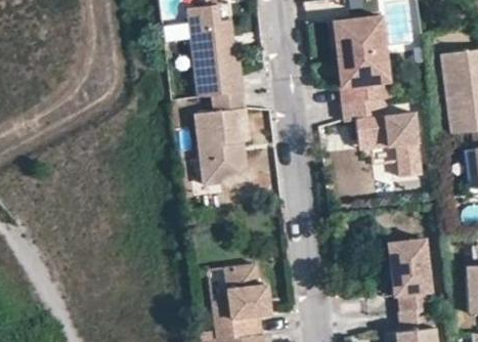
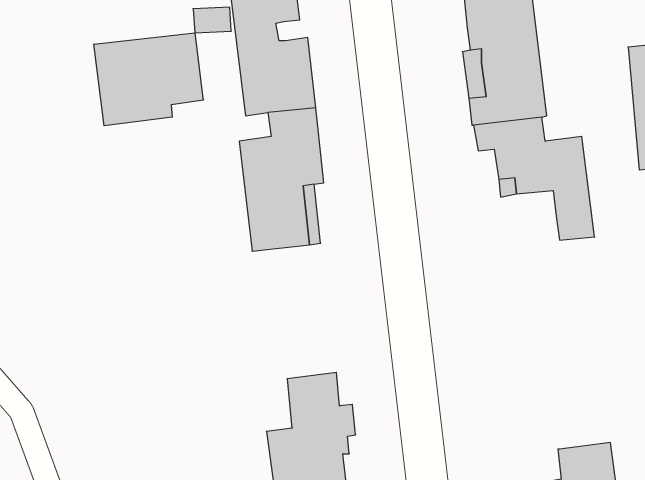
building: none -> [94,33,203,126]
building: [385,237,433,312] -> none

